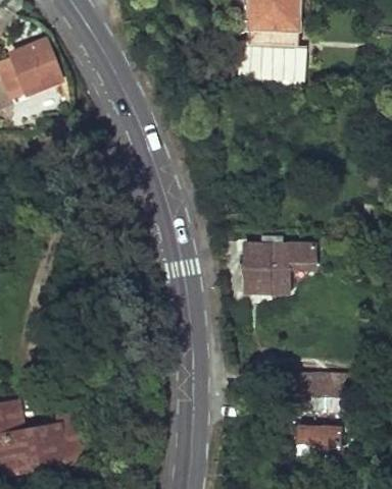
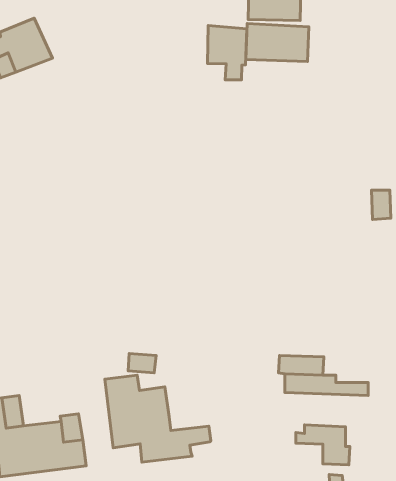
building: none -> [208,26,247,80]
building: [244,243,313,292] -> none
building: none -> [105,375,211,462]

